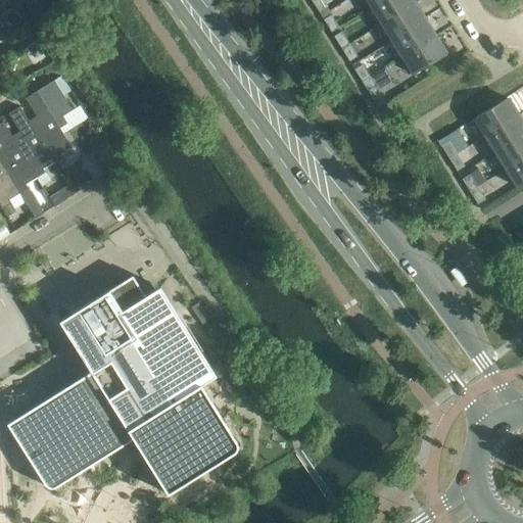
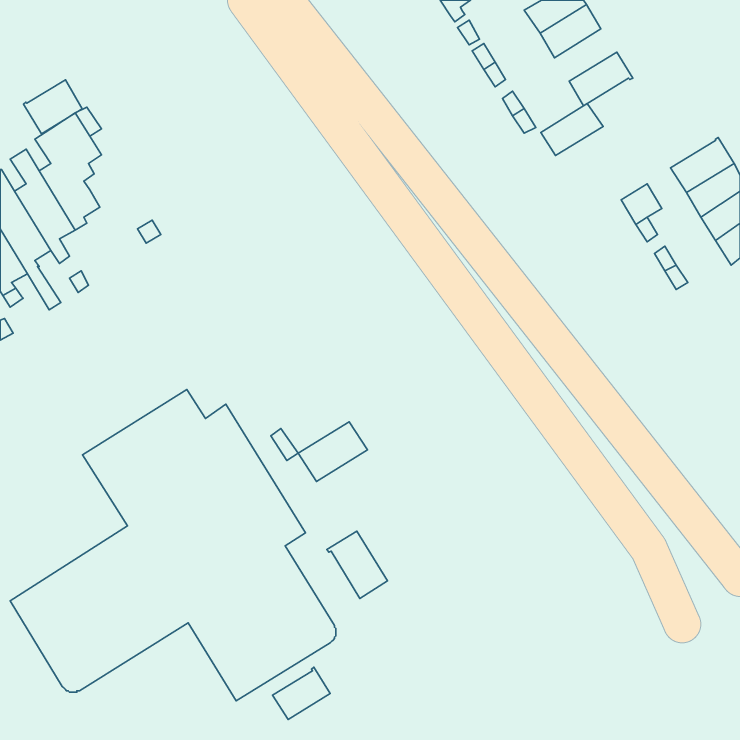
building: [391,20,435,57] -> [541,103,603,156]
building: none -> [23,80,82,134]
building: none -> [298,422,367,481]
building: none -> [327,531,388,598]
building: none -> [273,667,330,719]

